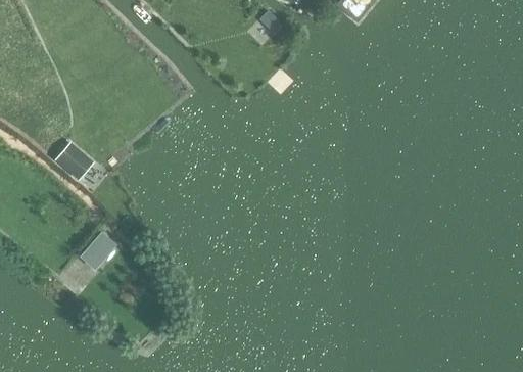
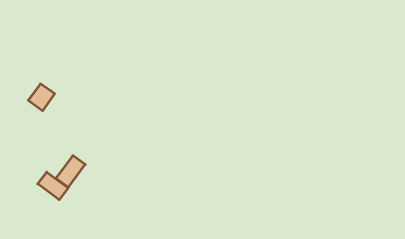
building: none -> [38,172,68,200]

